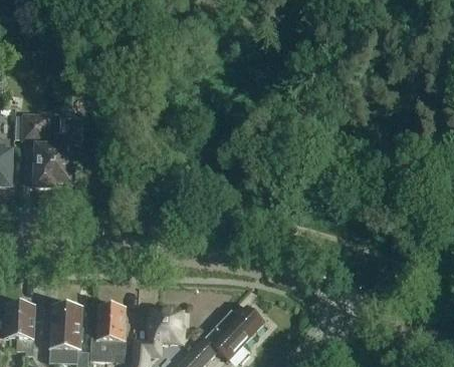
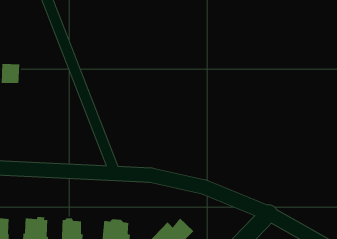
building: [35,119,81,189] -> none

